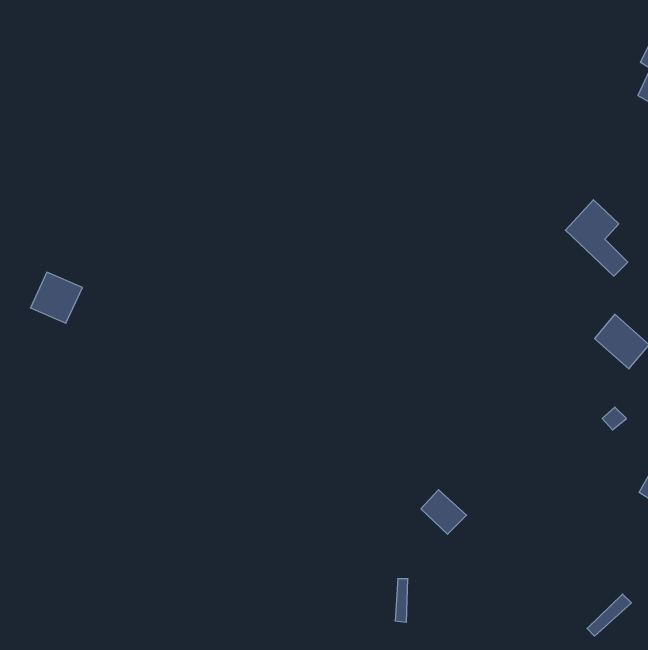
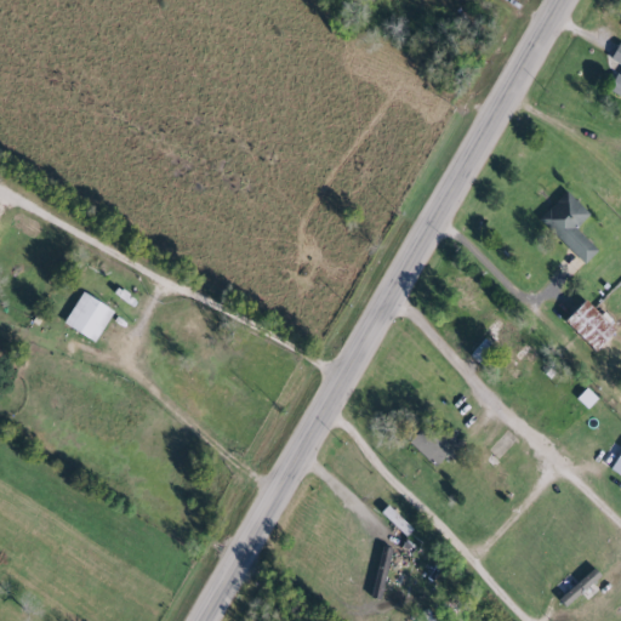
building: [30,272,82,323] -> [65,292,115,341]
building: [421,490,467,534] -> [412,425,456,467]

